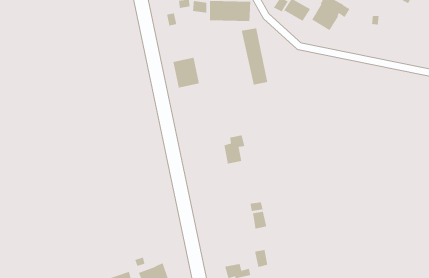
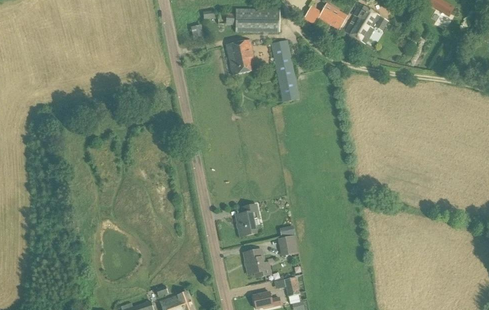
building: [173,57,200,88] -> [227,39,256,73]
building: [224,134,245,164] -> [236,204,259,236]
building: none -> [243,248,270,277]

